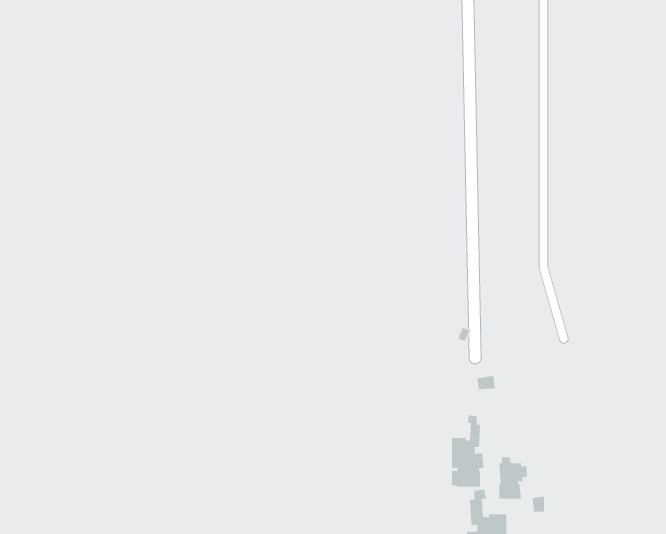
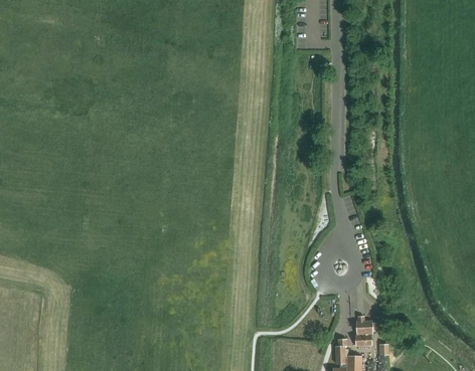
building: [452,415,484,487] -> none

